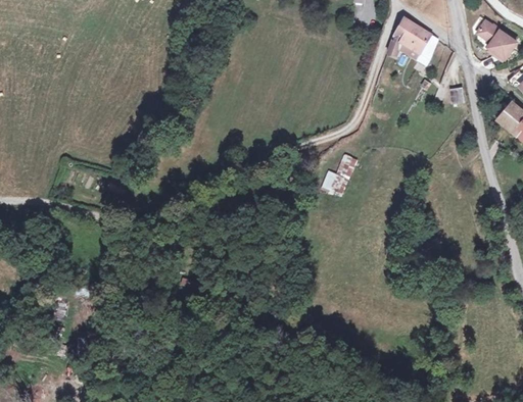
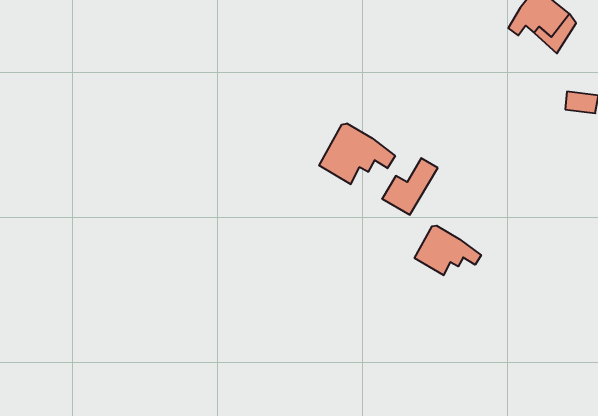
building: none -> [319,123,395,184]
building: none -> [415,226,481,275]

